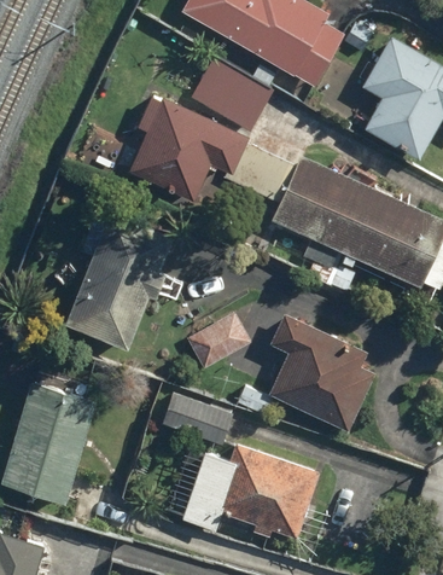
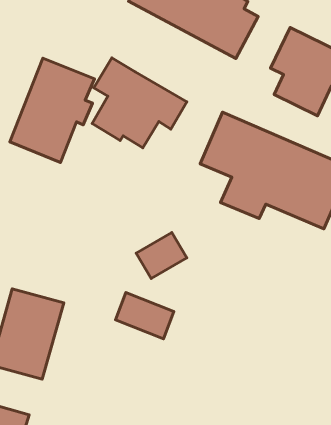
building: [191,58,272,132] -> none
building: [63,215,171,349] -> [10,58,94,162]
building: [237,313,375,431] -> none
building: [180,440,322,541] -> none

